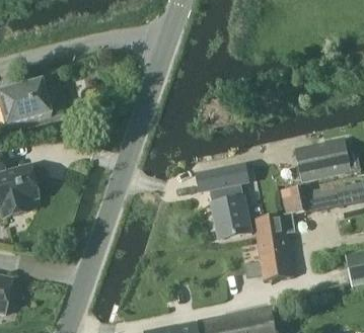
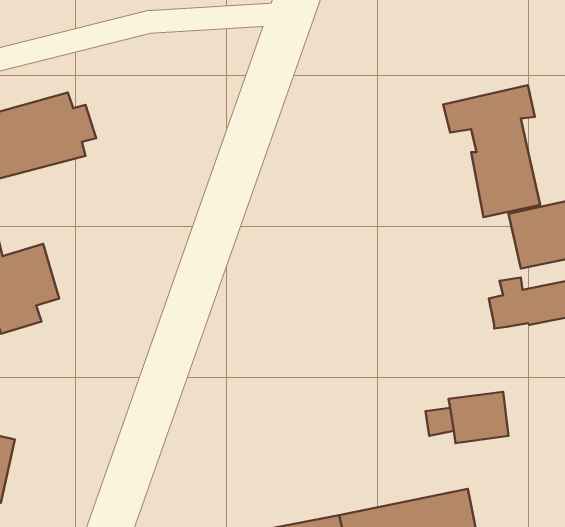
building: [196,164,251,240] -> [443,85,540,217]
building: [253,213,296,255] -> none

